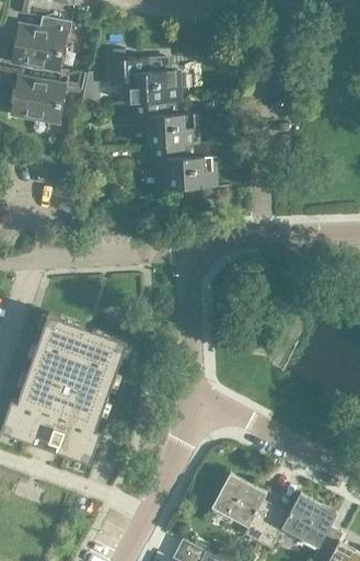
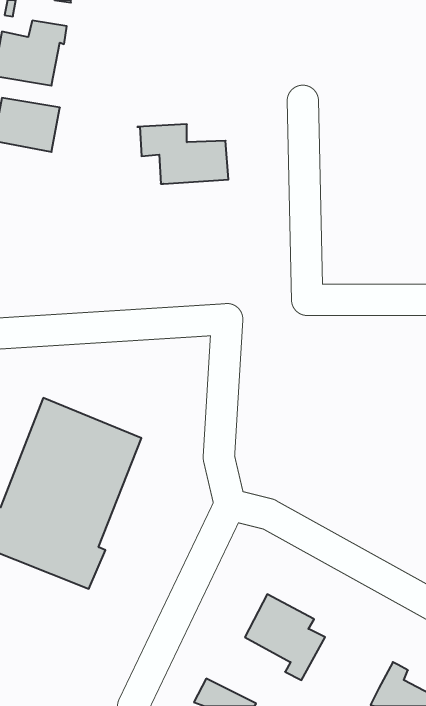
building: [111,55,177,101] -> none
building: [147,144,217,188] -> none
building: [256,492,336,547] -> none

